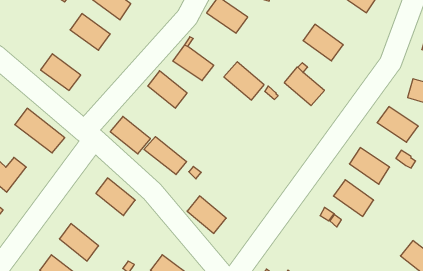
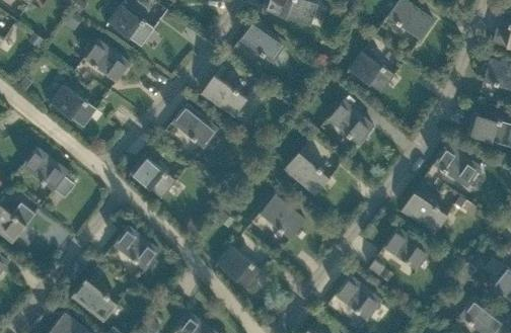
building: [224,62,264,100] -> [285,152,331,195]
building: [144,137,187,175] -> none
building: none -> [261,196,305,239]
building: none -> [336,277,381,320]

